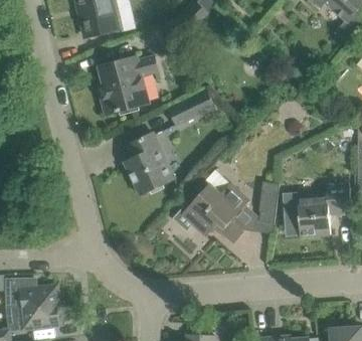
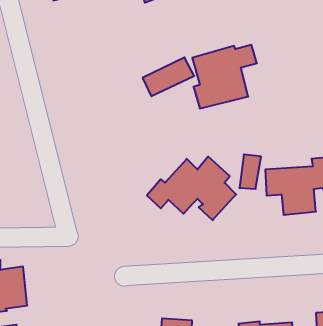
building: [99,54,159,114] -> [192,45,257,108]
building: [125,132,175,194] -> none

